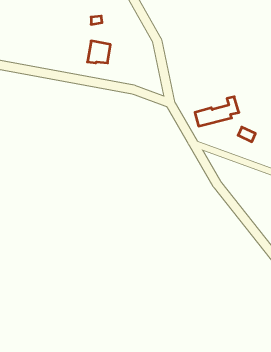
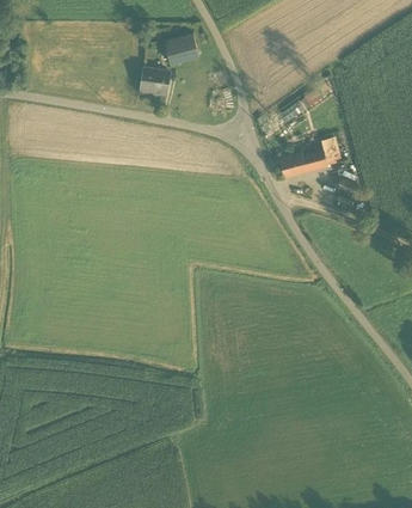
building: none -> [164,35,199,66]

